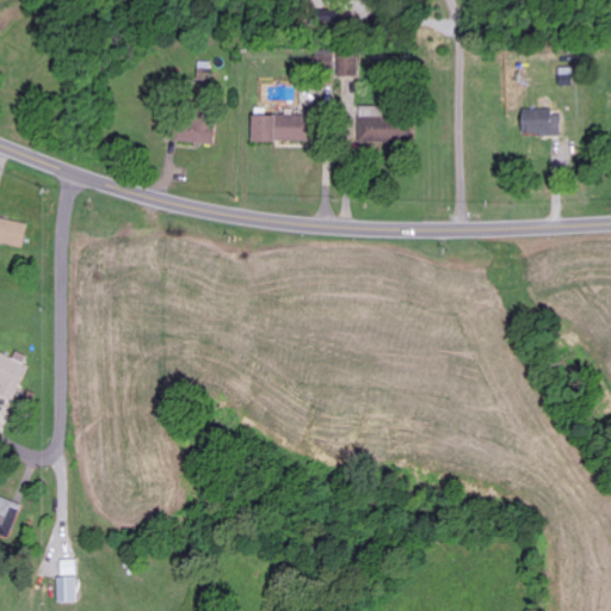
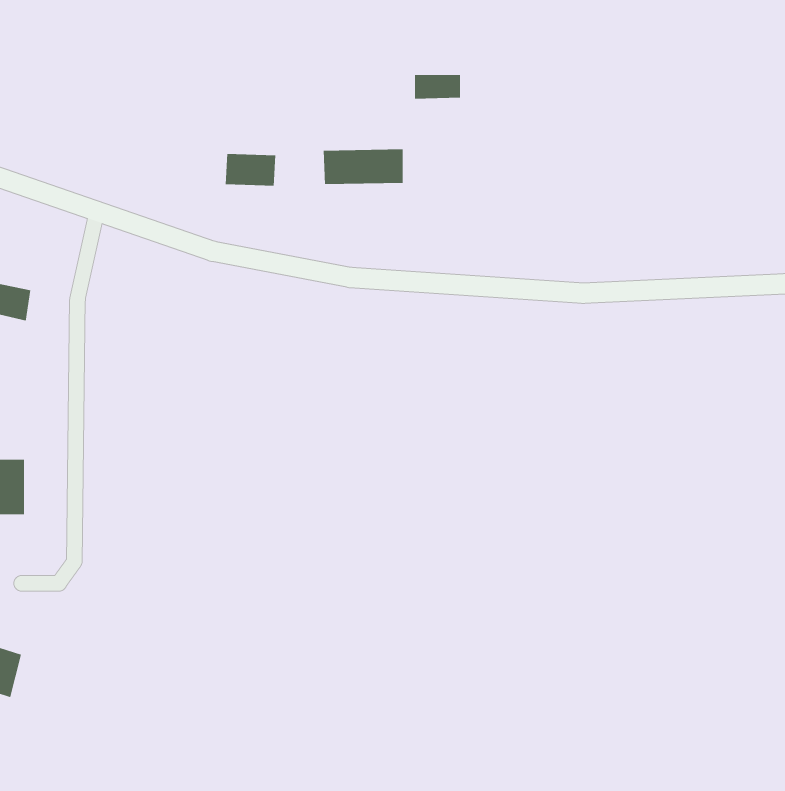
building: [519,110,557,135] -> none
building: [356,117,407,143] -> none
building: [54,576,74,603] -> none

